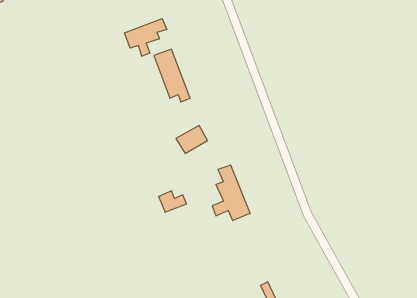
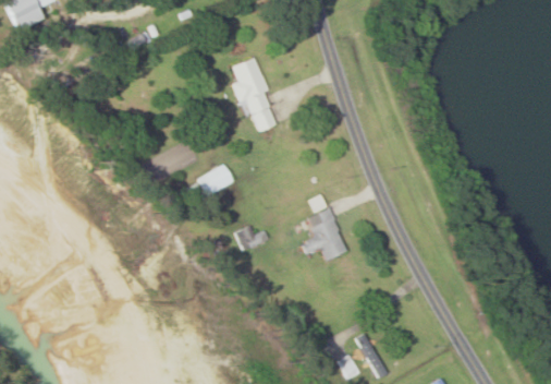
building: [125,19,167,56] -> none
building: [176,126,207,153] -> [196,165,233,197]

